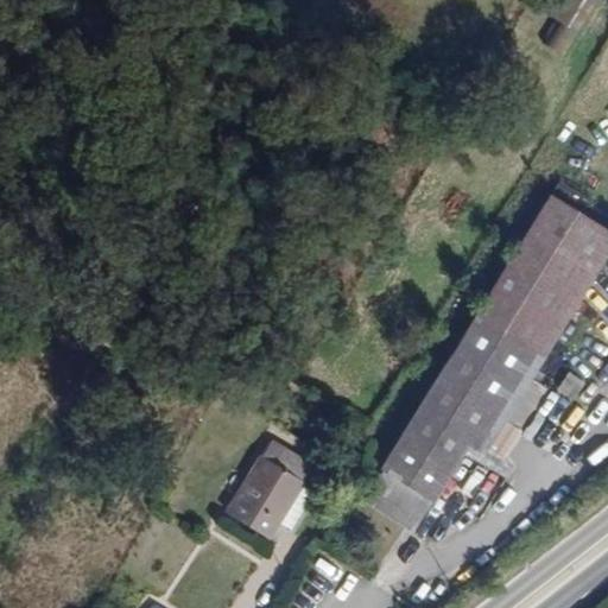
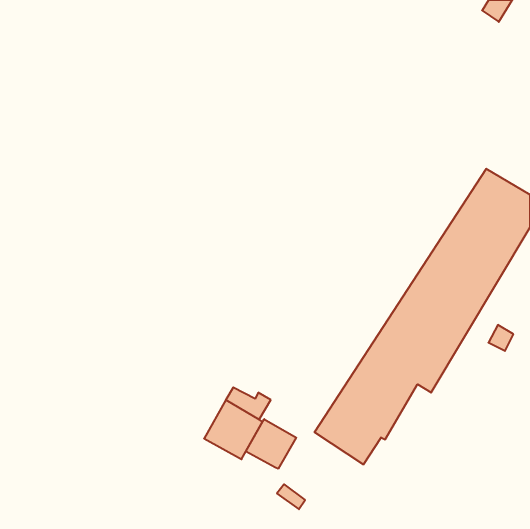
building: none -> [246,419,296,469]

